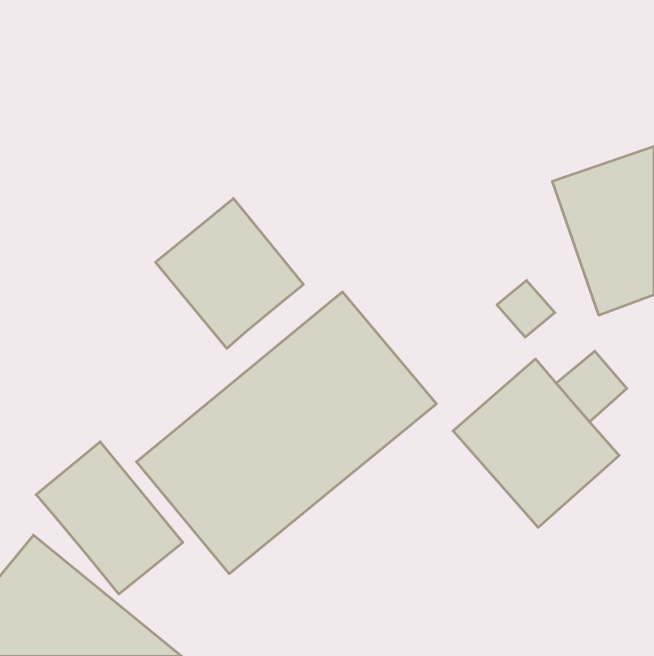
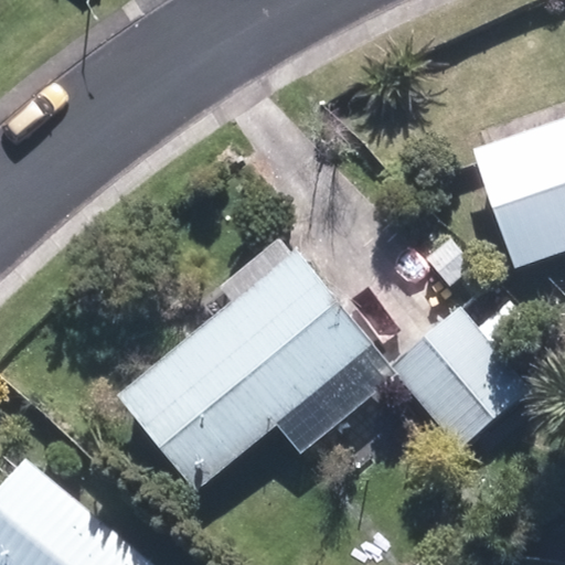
building: [156,198,303,348] -> none
building: [36,442,183,594] -> none

